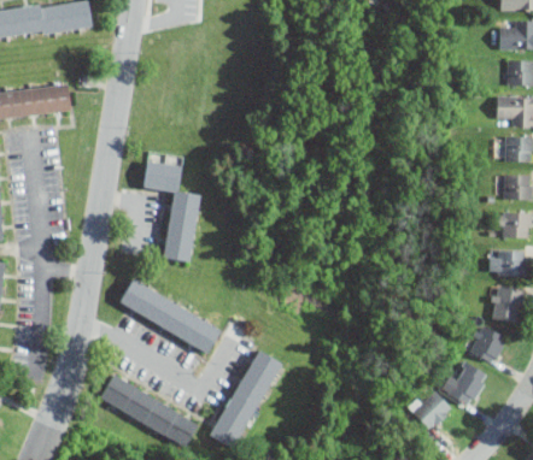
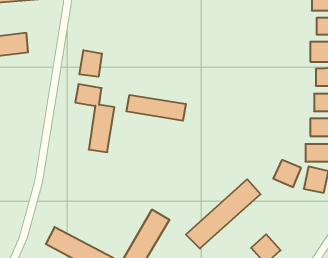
building: none -> [79,50,102,77]
building: none -> [126,95,186,121]
building: [118,277,222,355] -> none
building: none -> [186,179,261,249]
building: [465,324,508,365] -> [273,160,301,187]
building: [447,361,488,407] -> none

